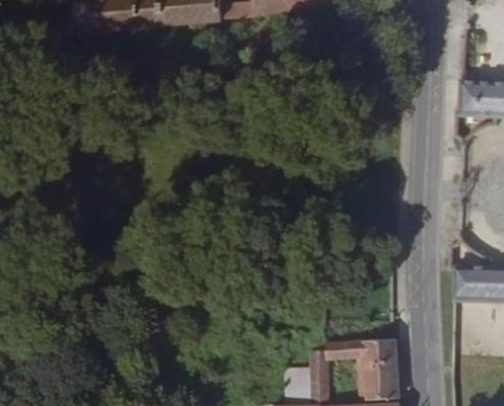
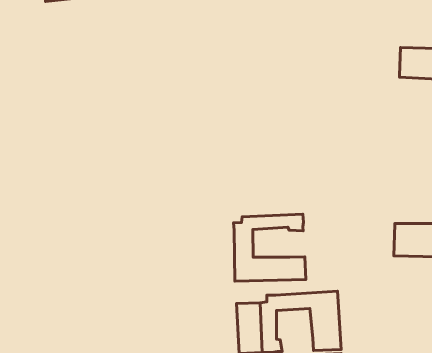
building: none -> [234,214,306,281]

